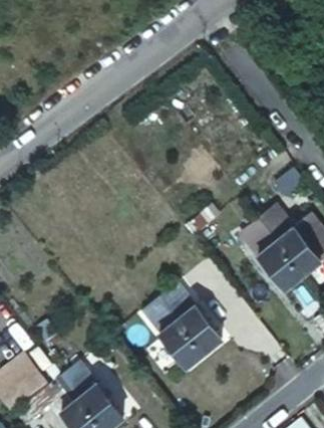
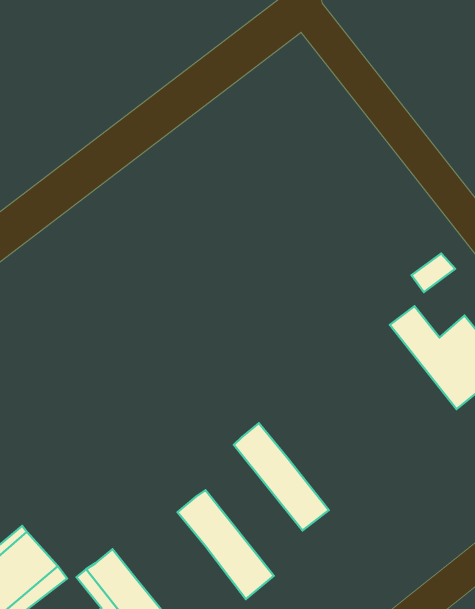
building: [241,221,303,290] -> none
building: [141,298,204,369] -> [177,490,274,599]

